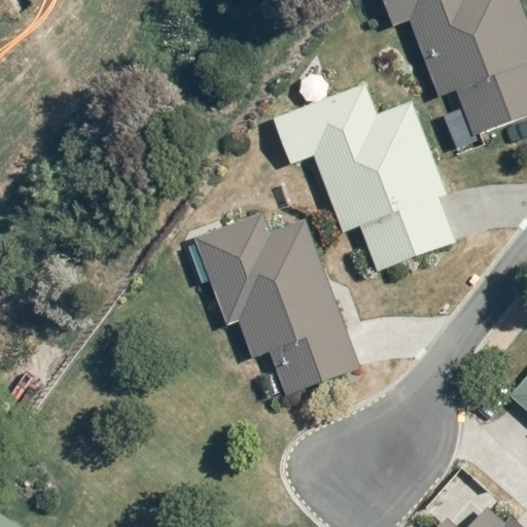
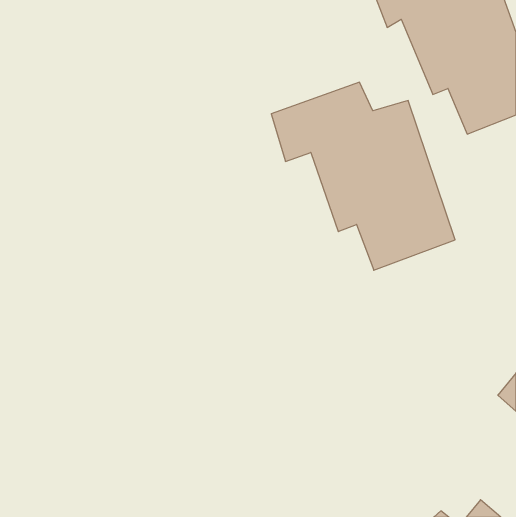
building: [195,211,360,398] -> none

